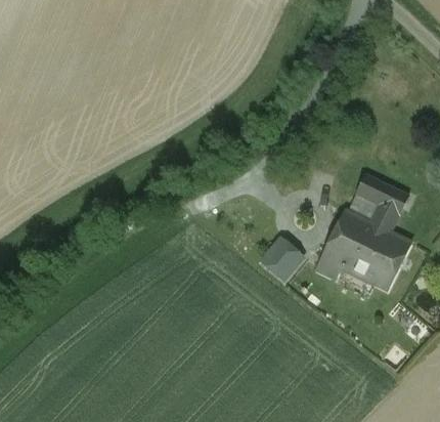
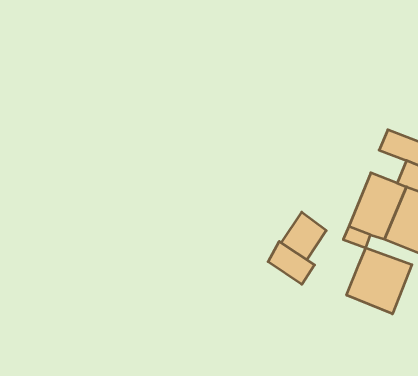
building: none -> [268,241,315,284]
building: none -> [347,248,412,314]

